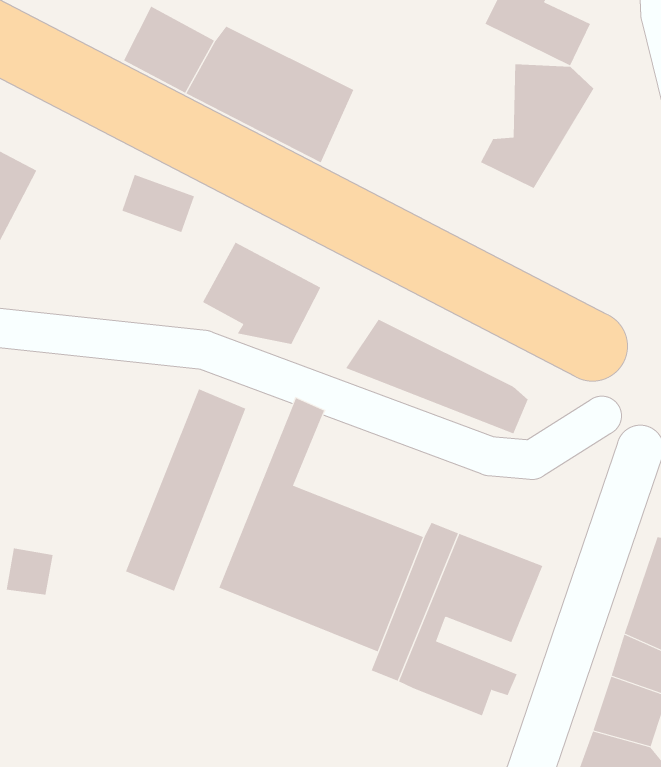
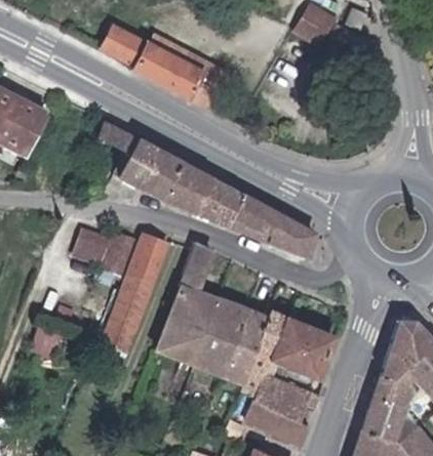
building: [480,63,594,189] -> none
building: none -> [119,140,162,188]
building: none -> [194,179,242,224]
building: none -> [73,218,136,270]
building: none -> [253,404,311,443]

